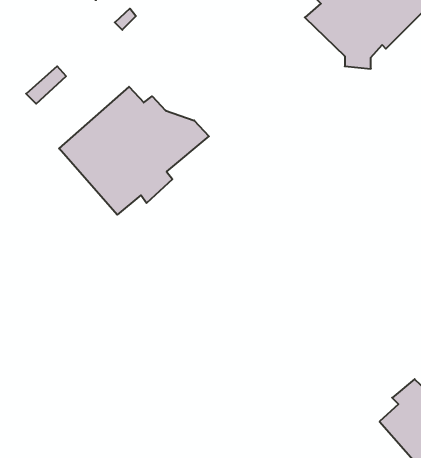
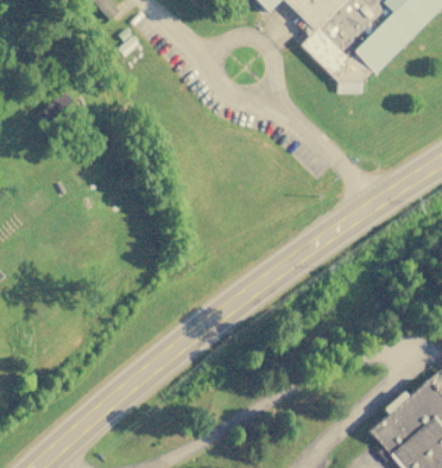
building: [59,87,209,215] -> none

